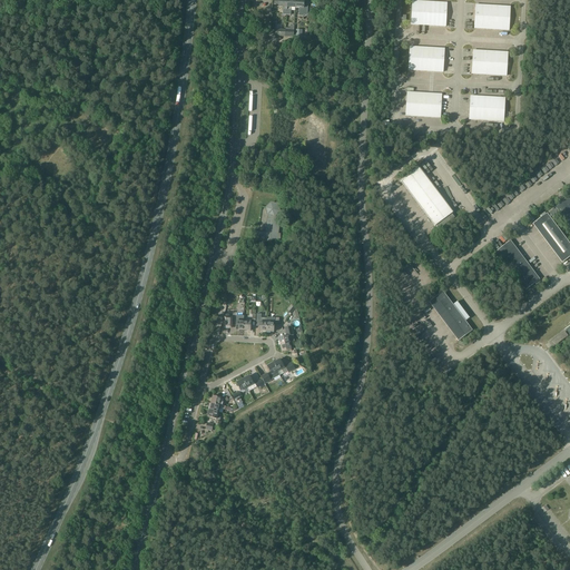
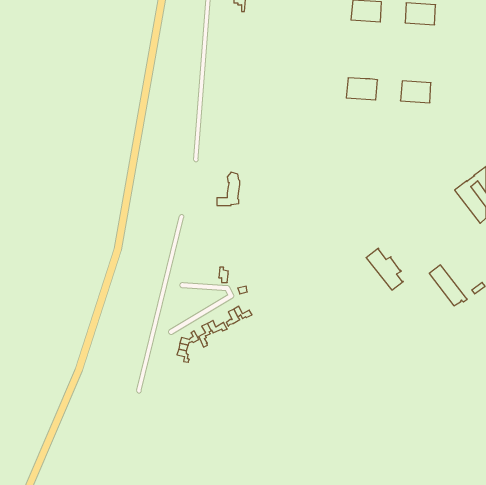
building: [409,46,444,71] -> none
building: [472,49,508,75] -> none
building: [401,166,454,228] -> none
building: [497,240,541,288] -> [429,265,467,306]

